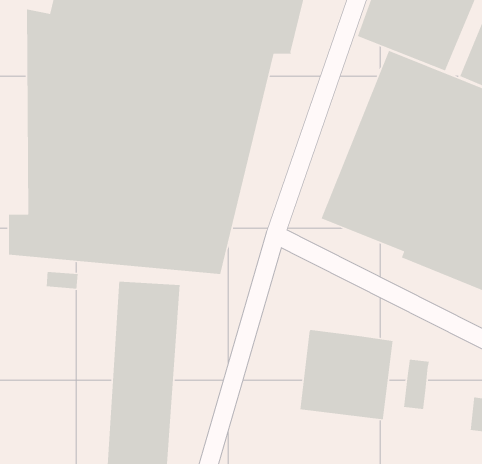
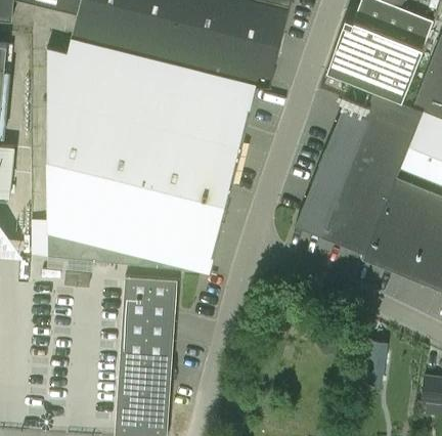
building: [299,329,393,420] -> none

